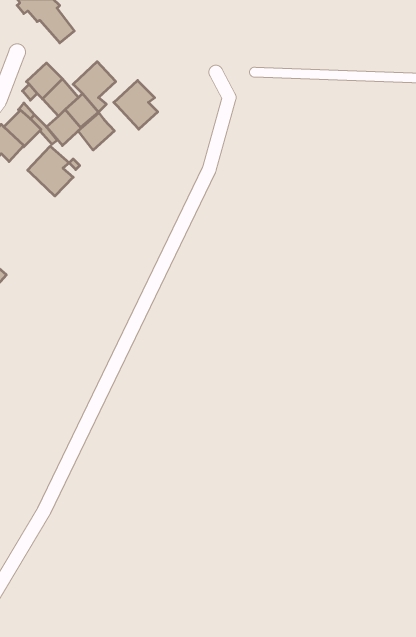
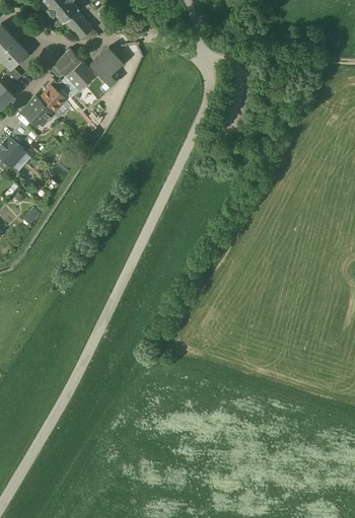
building: [114,80,158,129] -> none
building: [78,113,114,150] -> none
building: [28,146,73,196] -> none

